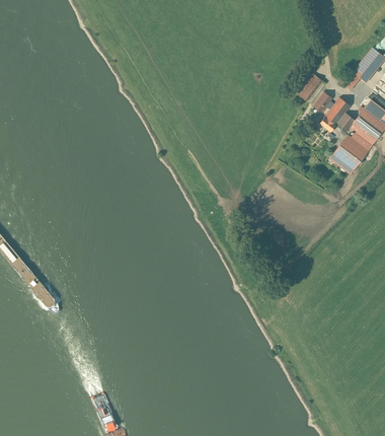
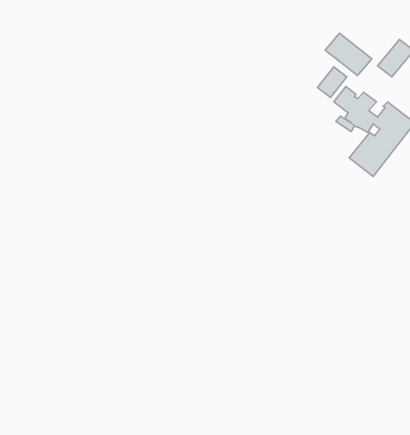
building: none -> [325,33,372,76]

